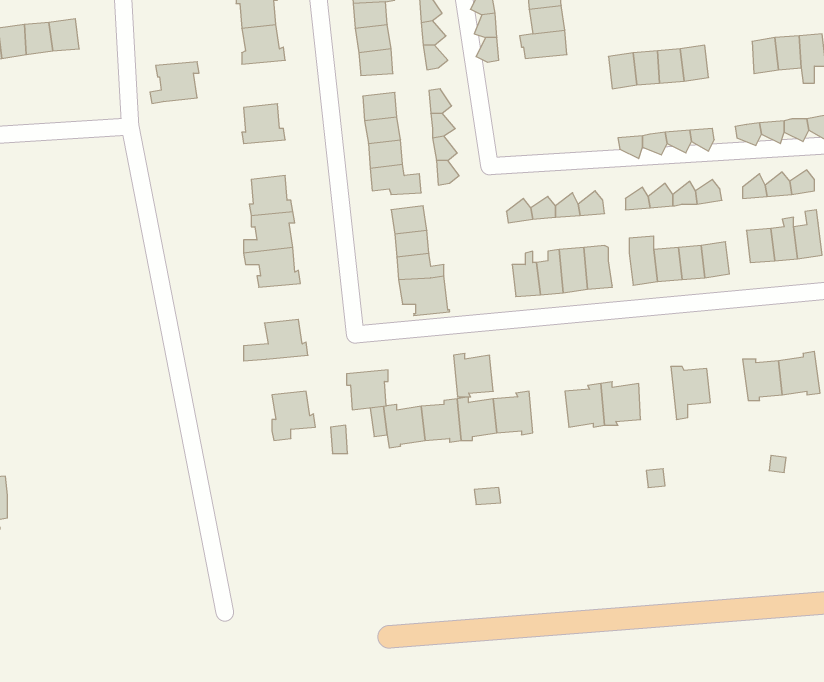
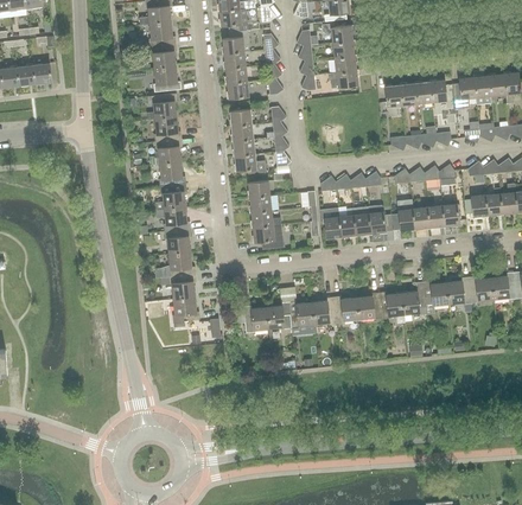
building: none -> [452,77,476,108]
building: [150,62,199,103] -> [147,94,178,120]
building: none -> [155,139,183,164]
building: none -> [165,229,191,254]
building: [454,353,493,397] -> [335,295,359,322]
building: none -> [446,276,472,303]
building: none -> [403,281,427,314]
building: [347,370,388,410] -> [170,274,196,299]

